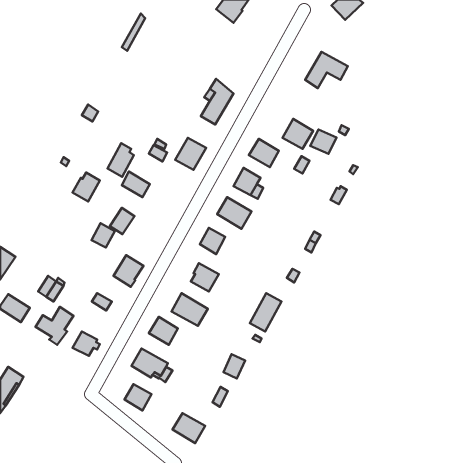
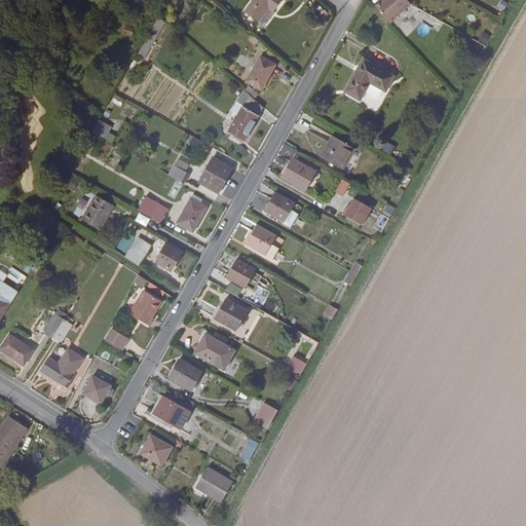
building: none -> [246,55,275,89]
building: [310,129,337,154] -> [342,195,372,223]
building: [108,143,134,177] -> [177,193,206,231]
building: [91,223,115,248] -> [155,241,182,269]

